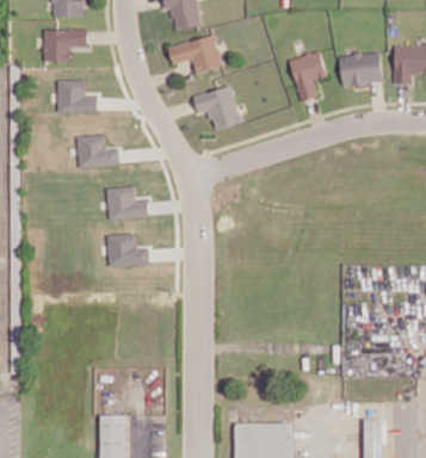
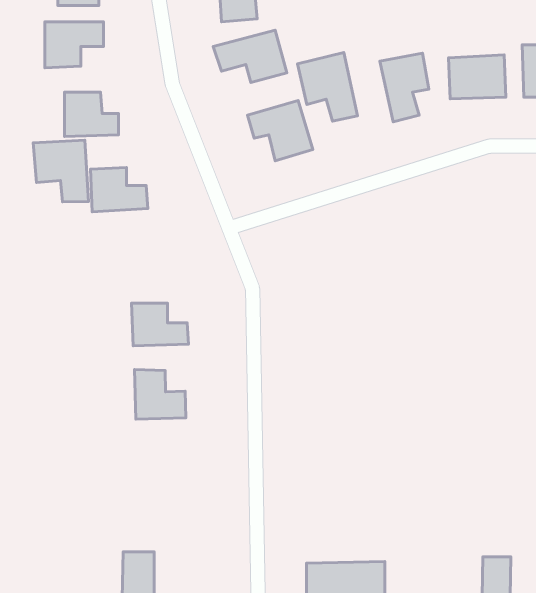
building: none -> [297,53,358,121]
building: none -> [33,140,89,202]
building: [107,186,148,218] -> none
building: none -> [134,370,186,419]

